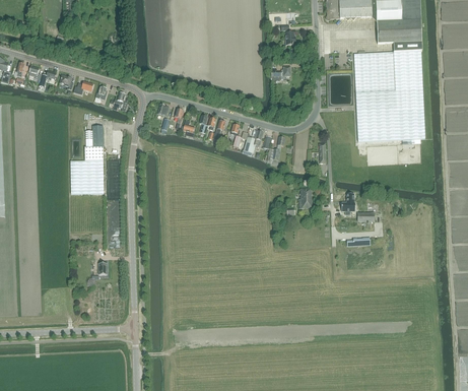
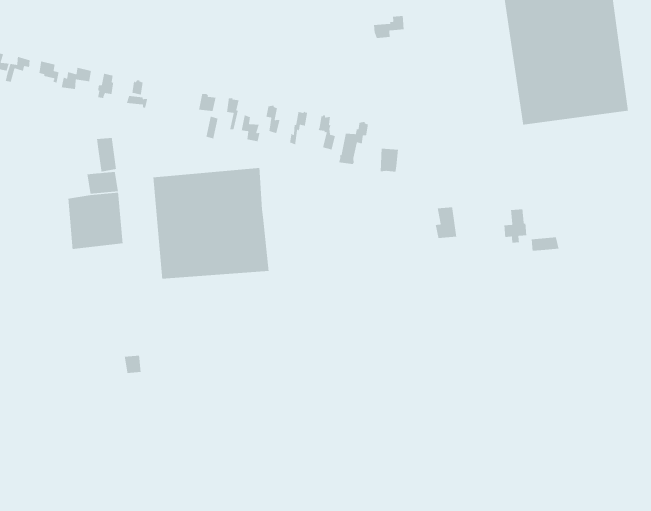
building: none -> [152,167,269,280]

